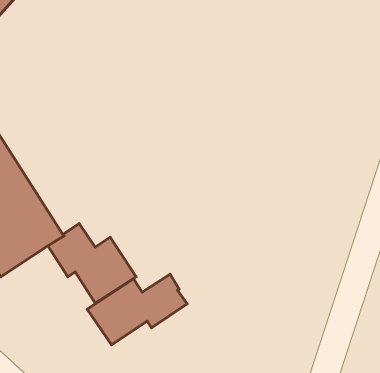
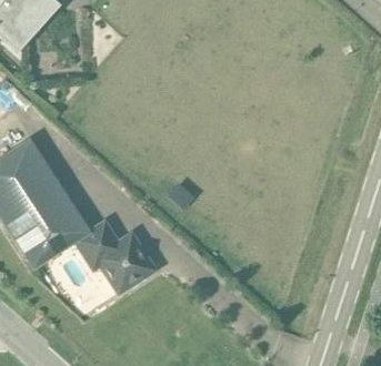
building: [87,274,187,345] -> none

